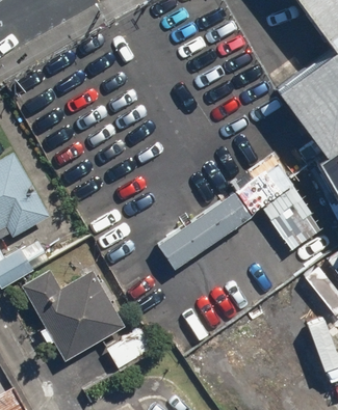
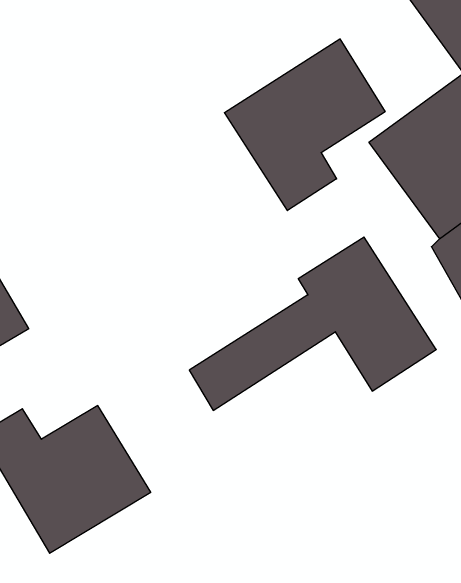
building: none -> [224,39,385,211]

